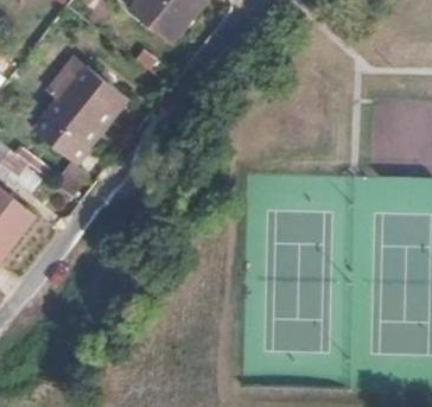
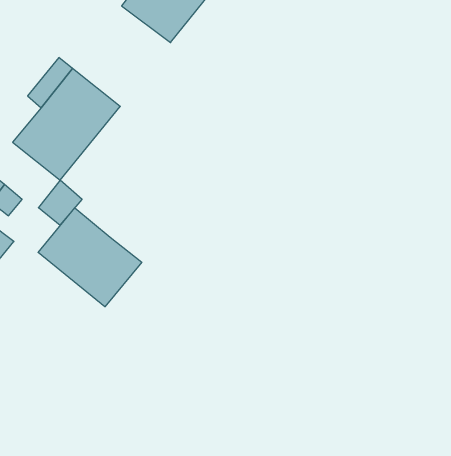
building: none -> [38,208,142,307]

